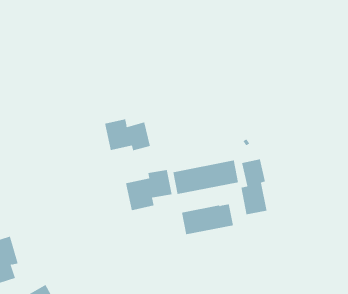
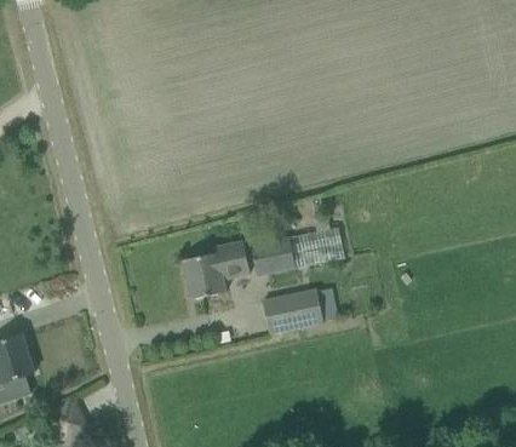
building: [104,119,150,151] -> none
building: [241,158,267,215] -> none

